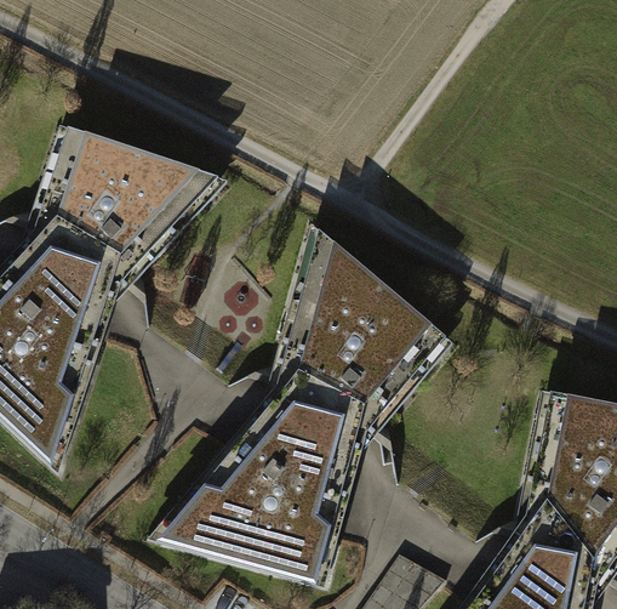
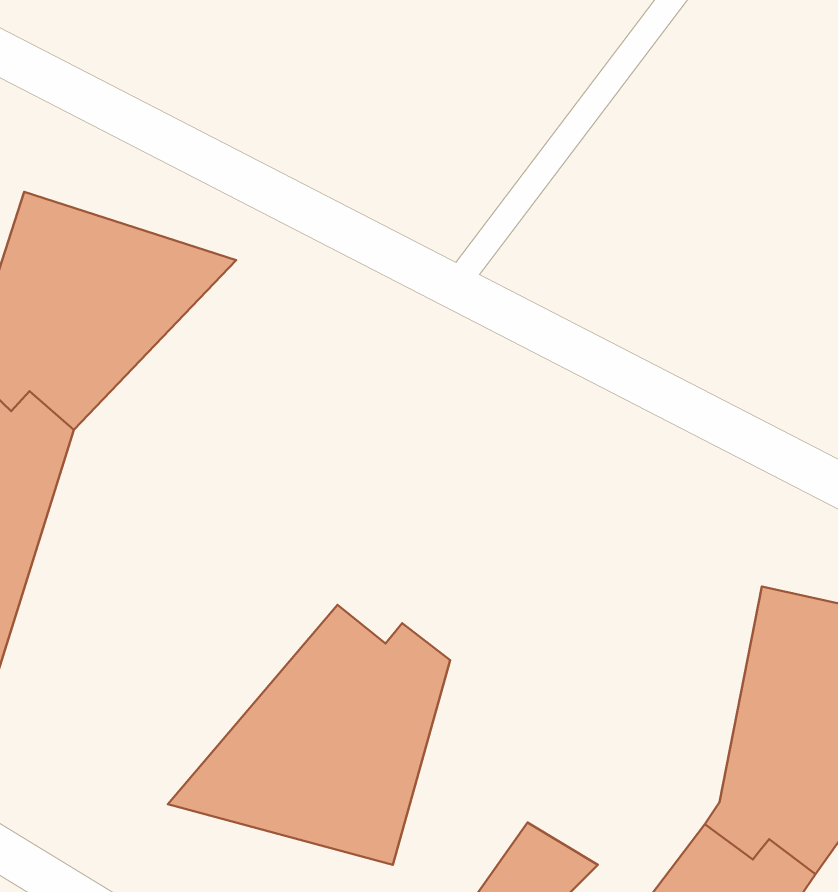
building: [276,240,440,444] -> none

